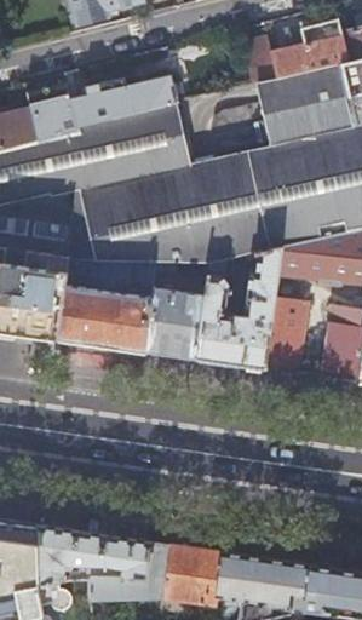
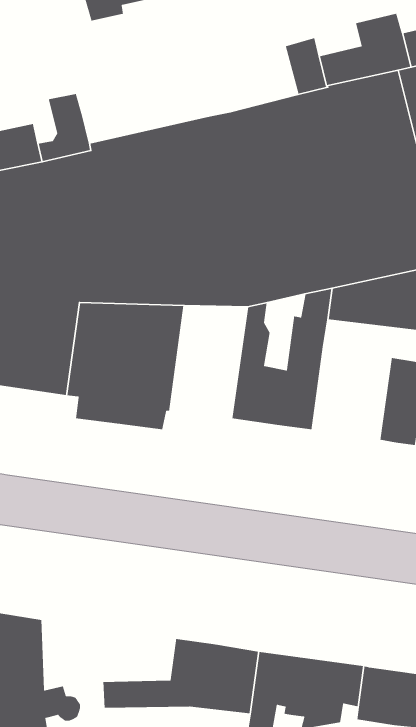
building: [70,76,177,126] -> none
building: [144,263,209,358] -> none
building: [264,298,305,373] -> none
building: [36,521,149,587] -> none

